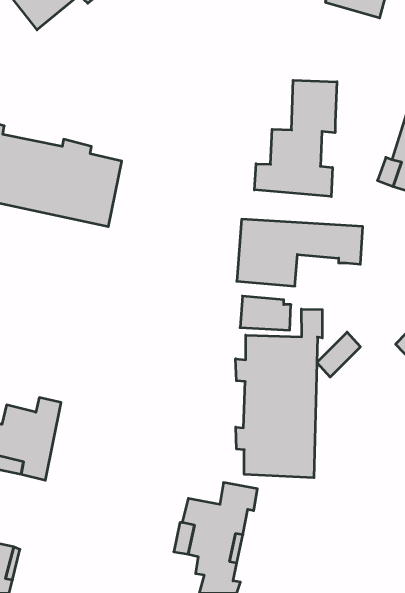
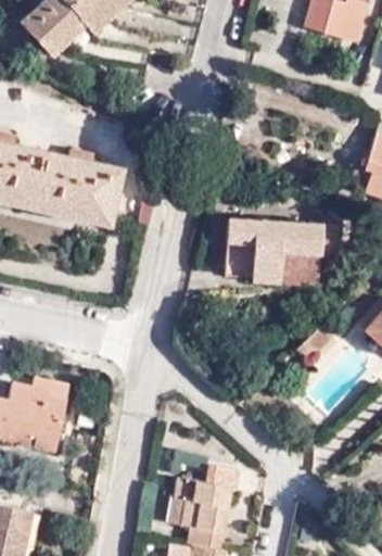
building: [254,80,337,197] -> none
building: [240,296,291,330] -> [276,252,321,282]
building: [236,309,322,478] -> none

